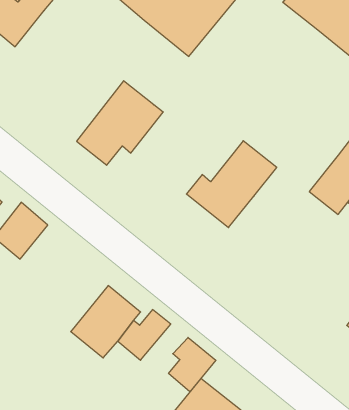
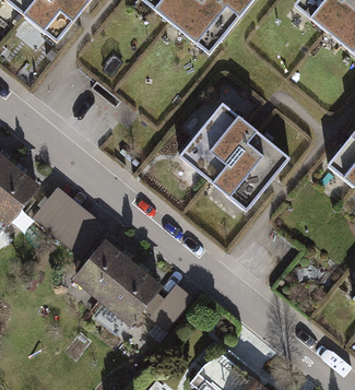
building: [77,81,163,165] -> [179,102,258,178]
building: none -> [56,206,105,256]
building: none -> [72,237,135,303]
building: [169,337,216,392] -> none

